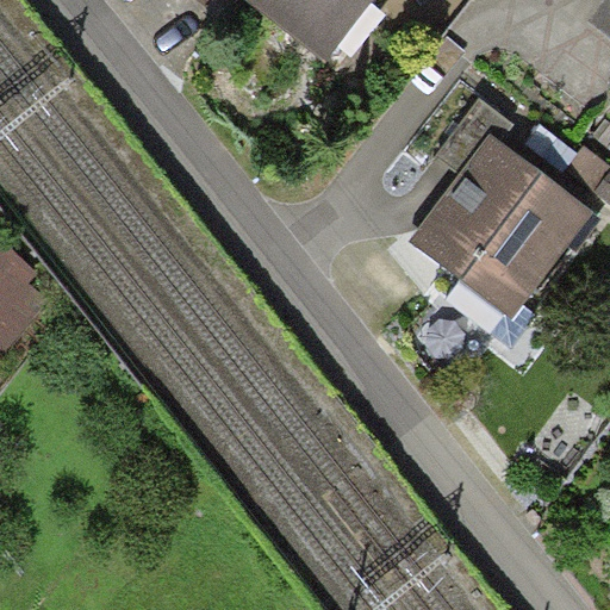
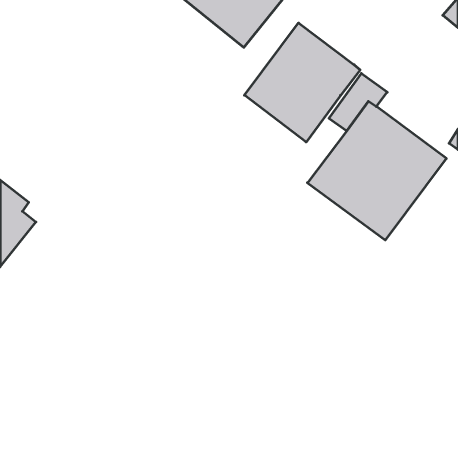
building: none -> [244,23,360,142]

